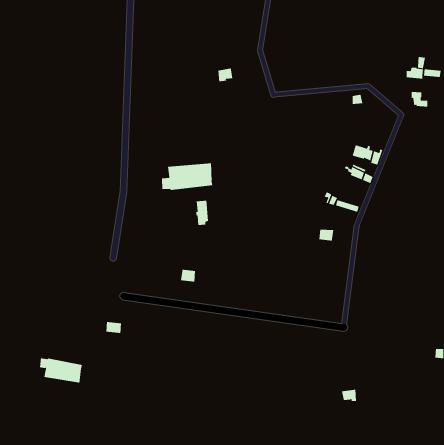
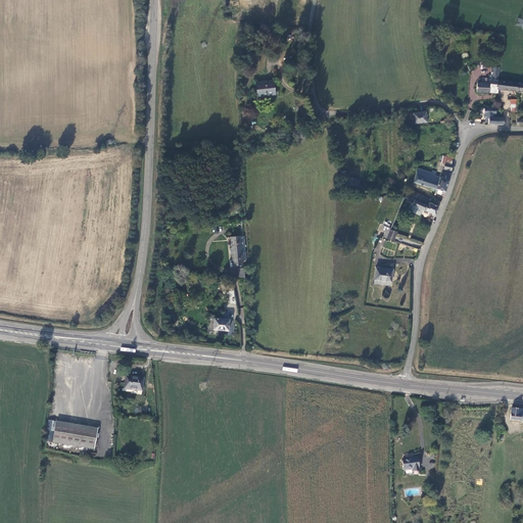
building: [162,162,213,191] -> none

